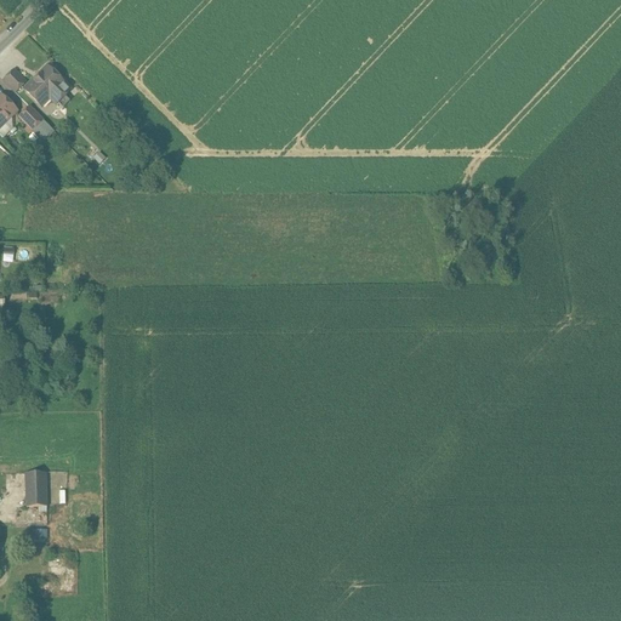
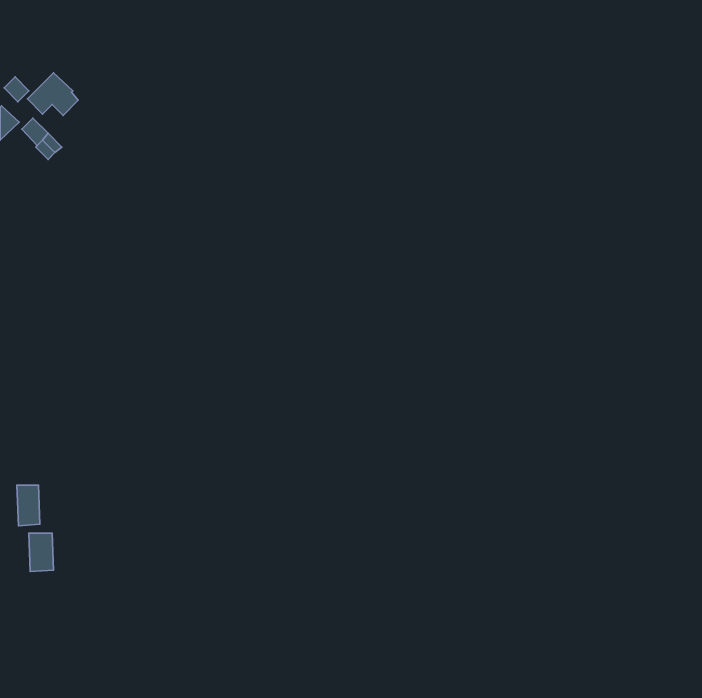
building: none -> [17,485,40,526]

